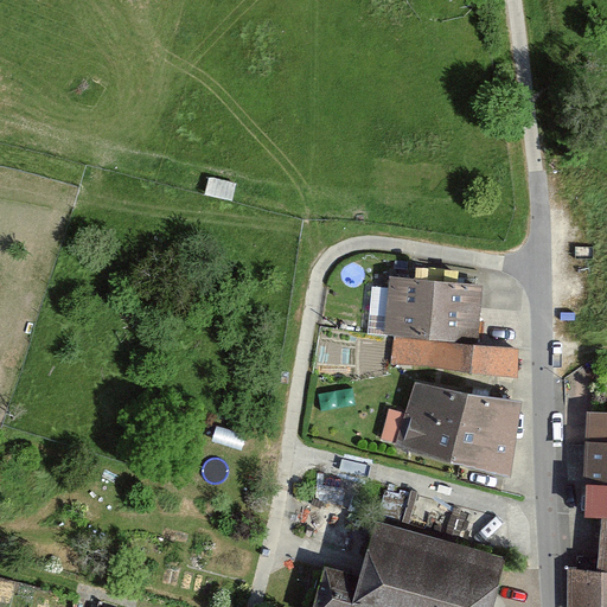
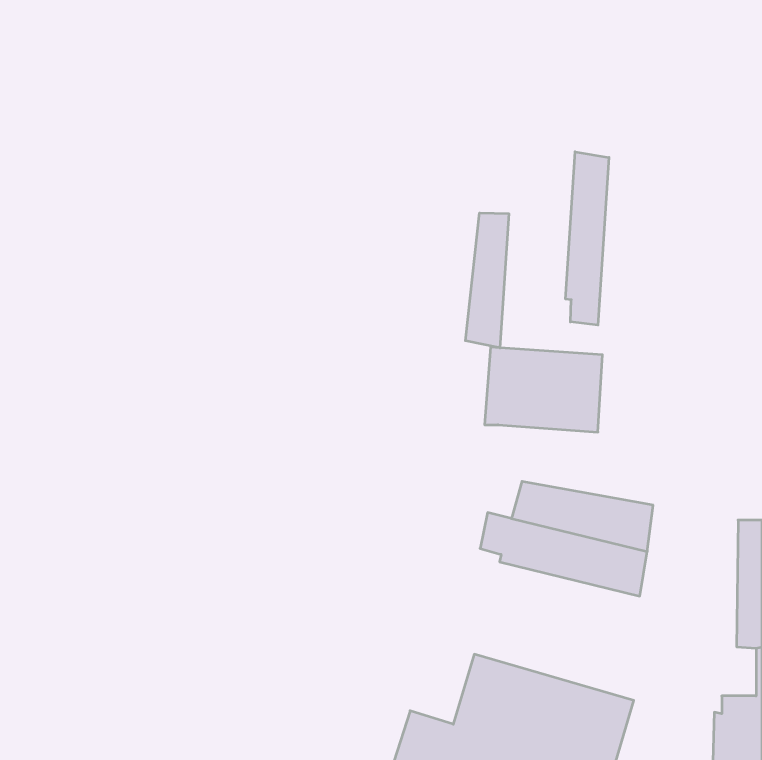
building: none -> [566,152,609,325]
building: none -> [465,213,509,348]
building: [394,339,516,373] -> none

